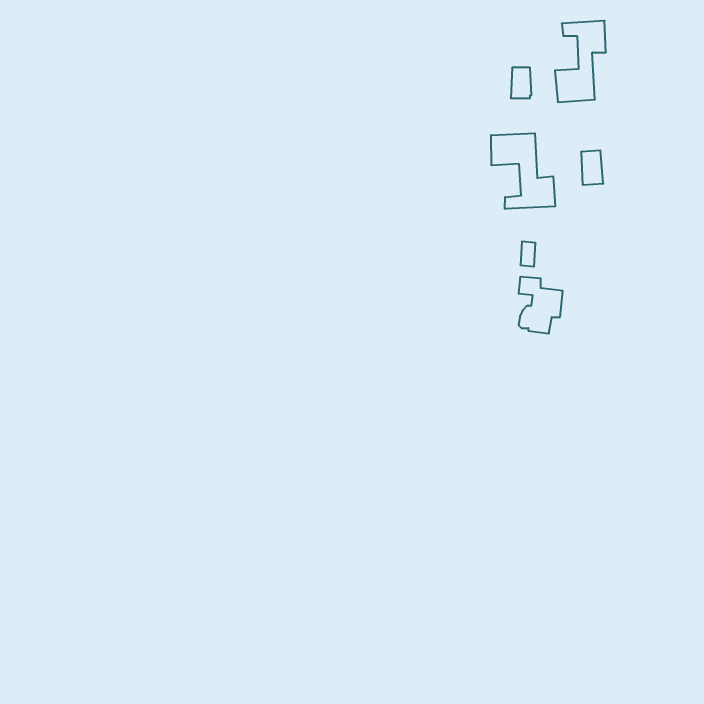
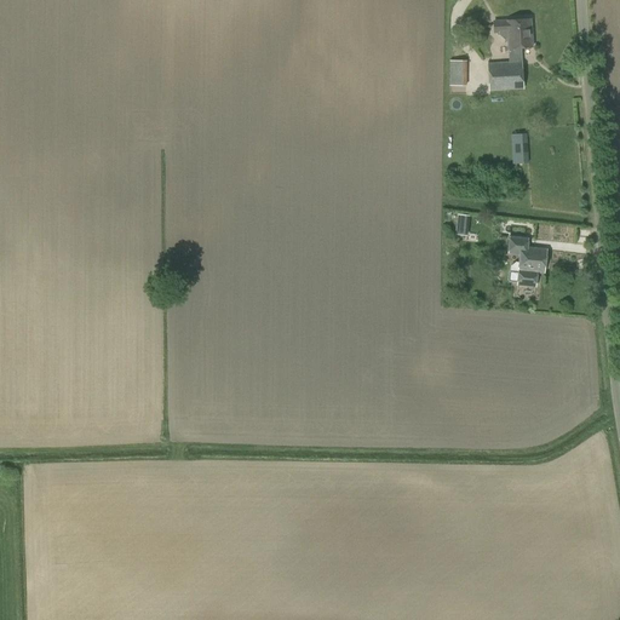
building: [491,133,555,209] -> none
building: [519,277,563,334] -> [507,236,546,286]

